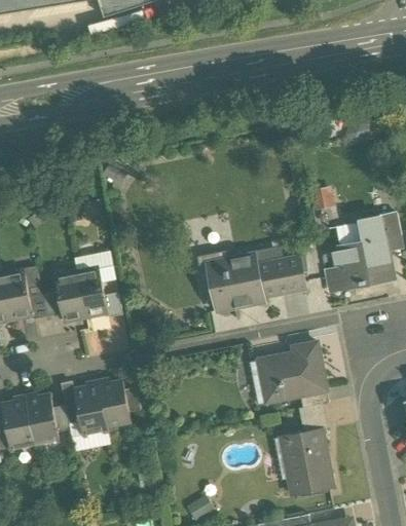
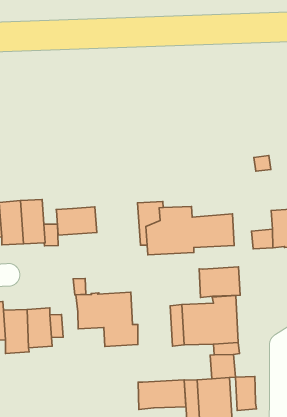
building: none -> [56,207,97,235]
building: none -> [199,267,240,297]
building: none -> [76,292,138,346]
building: none -> [235,377,256,410]
building: none -> [138,380,186,409]

